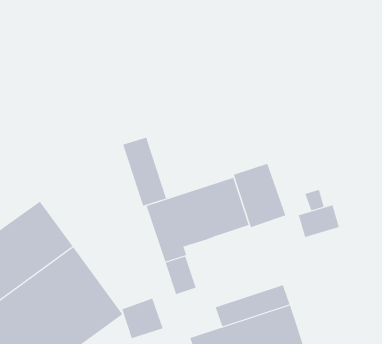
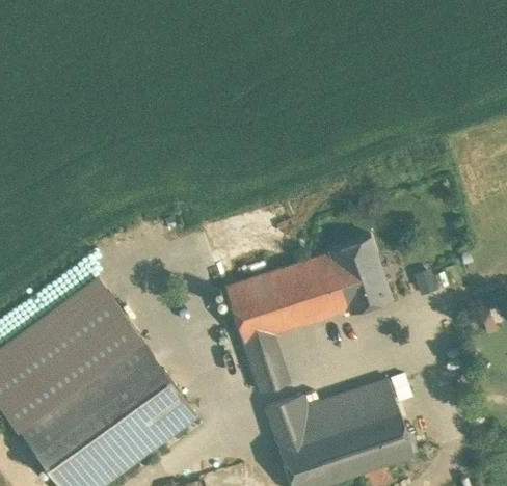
building: [122,137,167,207] -> none
building: [298,205,339,238] -> none
building: [122,298,163,339] -> [265,396,315,444]

